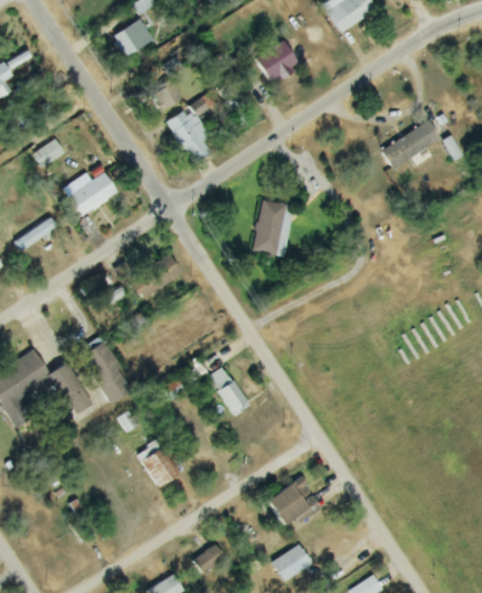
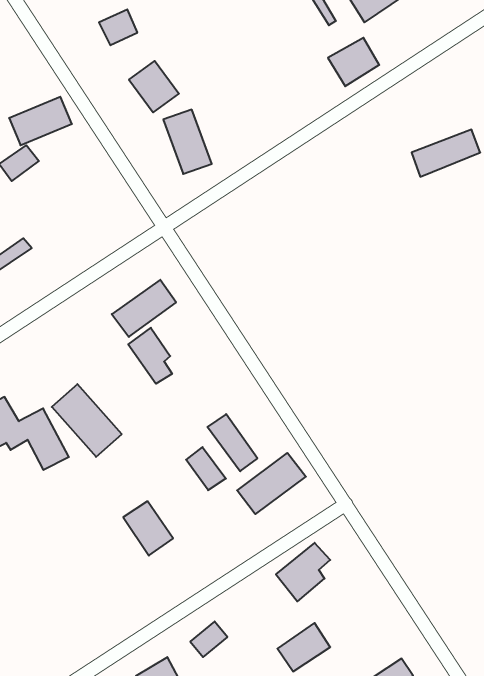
building: [254,39,297,80] -> [328,38,379,86]
building: [66,175,119,216] -> [9,97,72,145]
building: [251,198,289,255] -> none
building: none -> [128,328,172,384]
building: none -> [186,447,226,490]
building: none -> [237,453,306,514]

